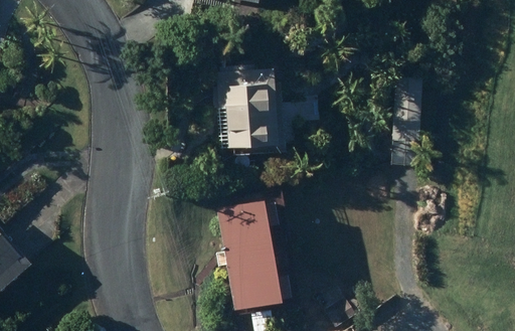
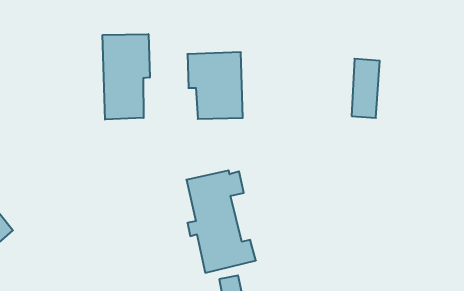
building: none -> [103,34,150,120]

